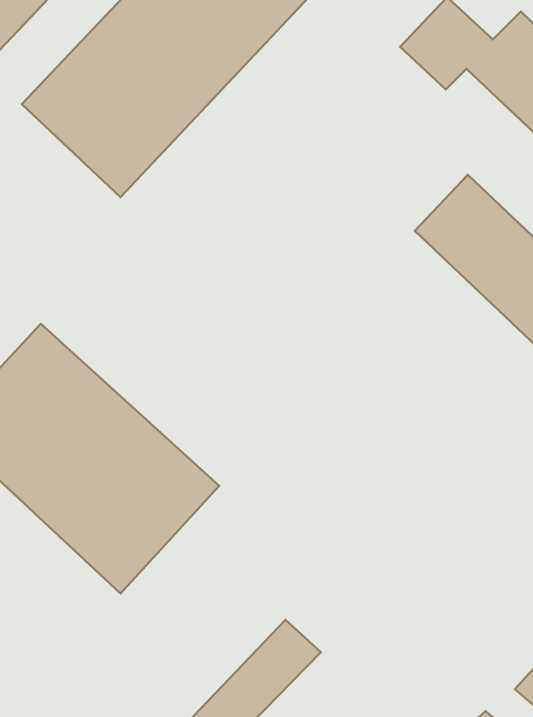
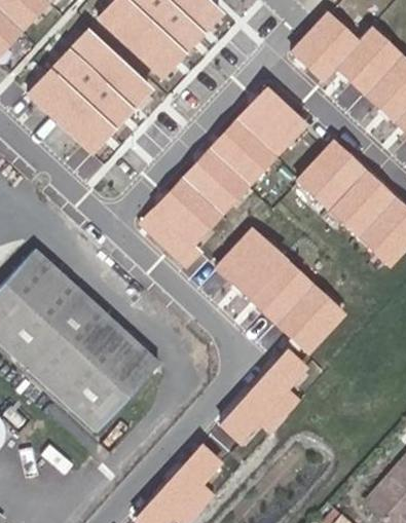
building: none -> [142,86,309,261]
building: none -> [214,226,349,358]
building: none -> [222,356,318,454]

